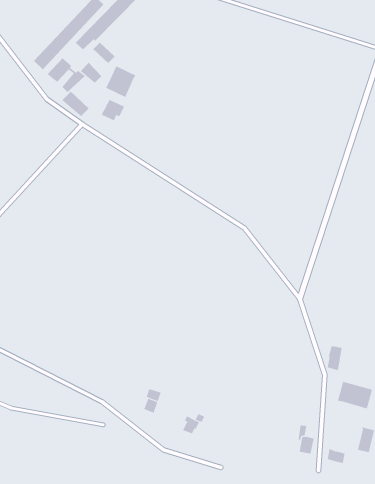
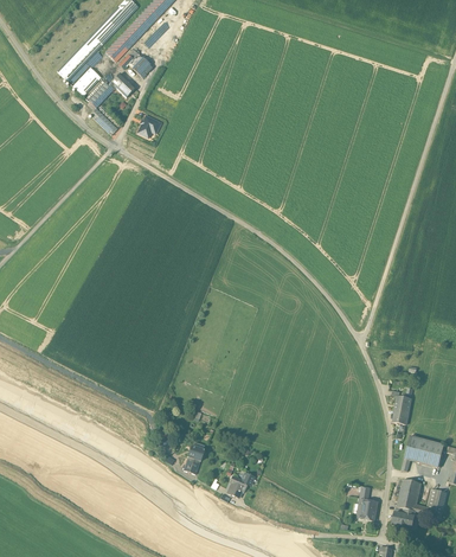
building: [105,65,136,98] -> none
building: none -> [396,478,419,511]

